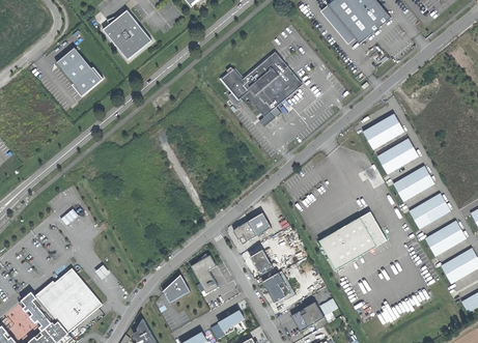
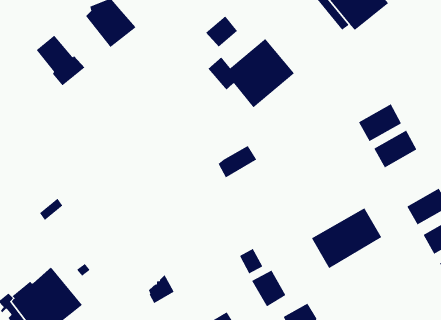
building: none -> [205,16,238,47]
building: [392,165,434,201] -> none
building: [233,212,271,244] -> [218,145,257,178]
building: [191,255,218,292] -> none

